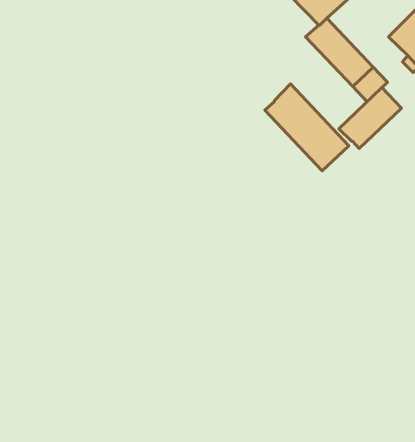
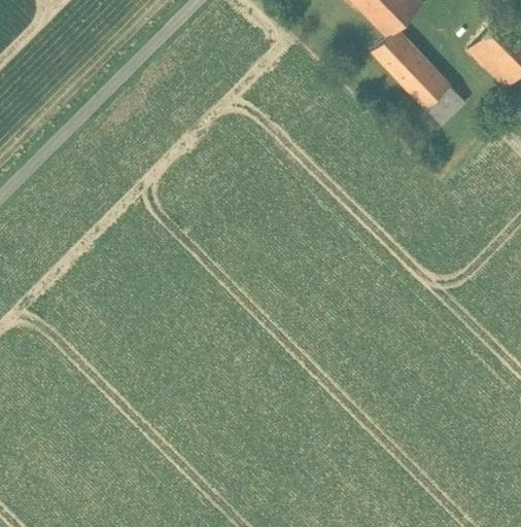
building: [265,84,349,171] -> none
building: [339,87,402,149] -> none

